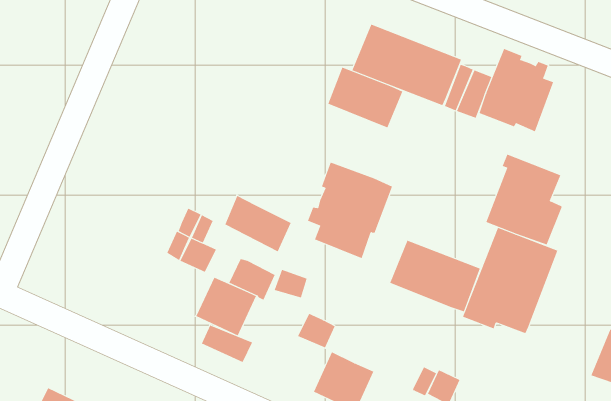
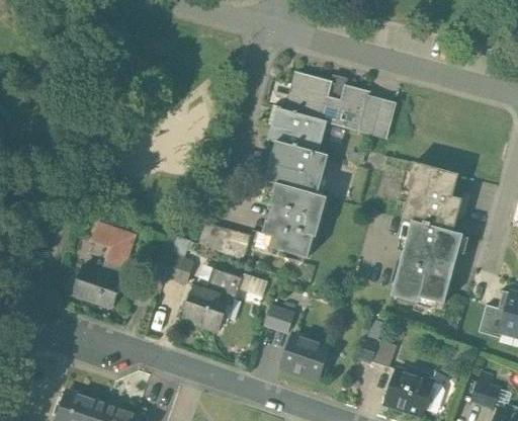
building: [479,48,554,132] -> none
building: none -> [265,143,327,195]
building: none -> [73,223,136,308]
building: [390,240,480,312] -> none
building: [201,324,253,363] -> none
building: none -> [478,306,504,339]

